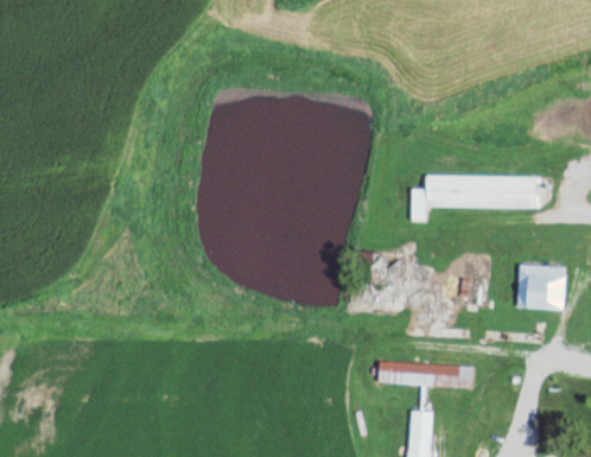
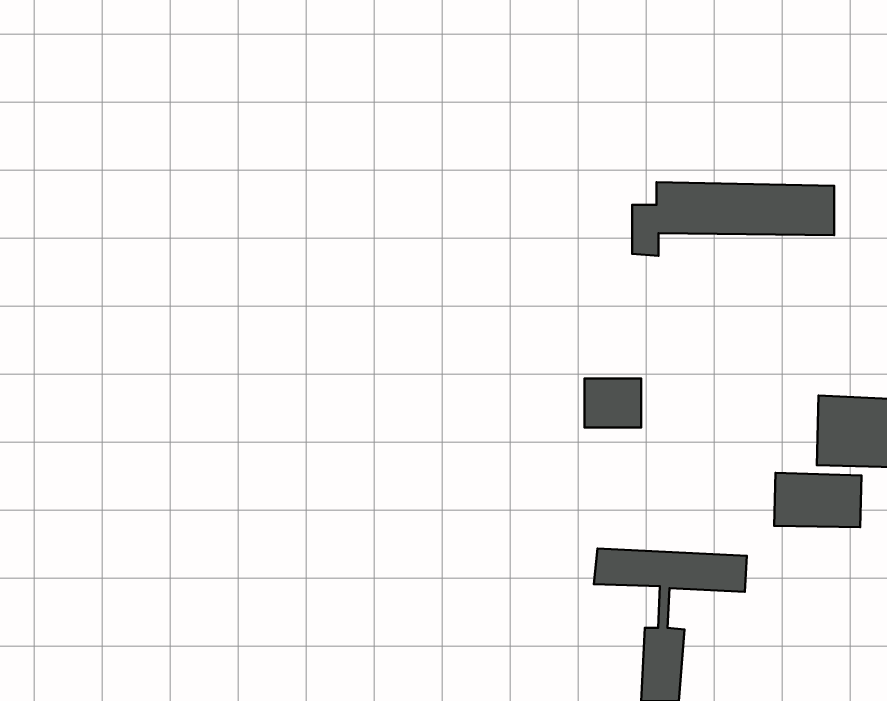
building: [412,173,539,220] -> [632,182,834,256]
building: none -> [774,473,861,527]

